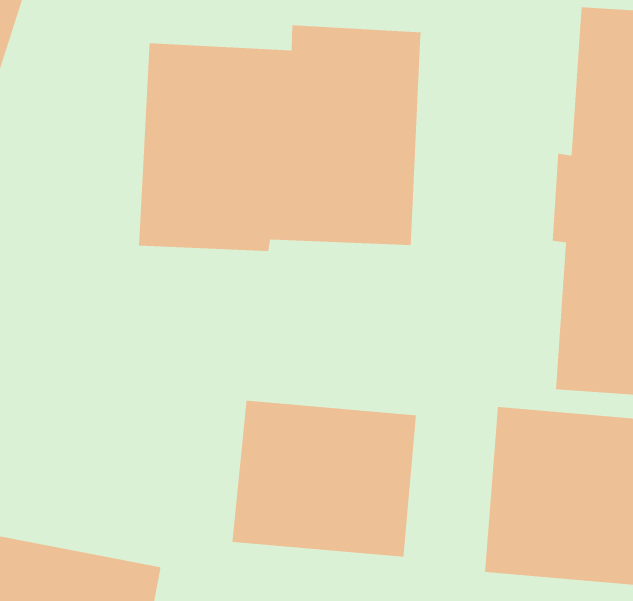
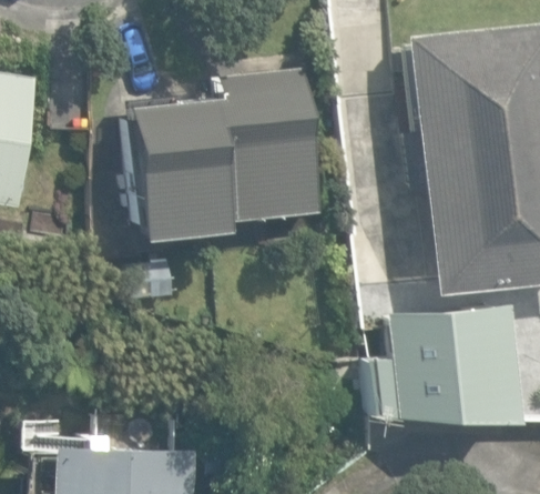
building: [231,400,417,558] -> none

